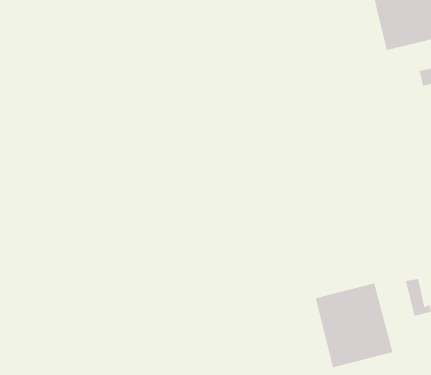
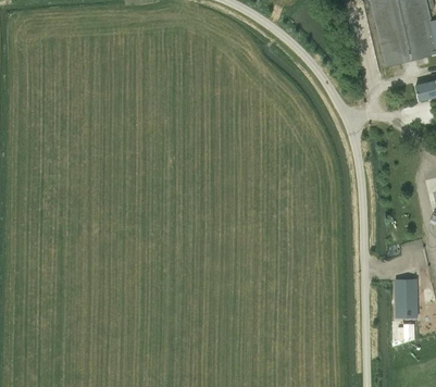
building: [315,283,394,368] -> none

